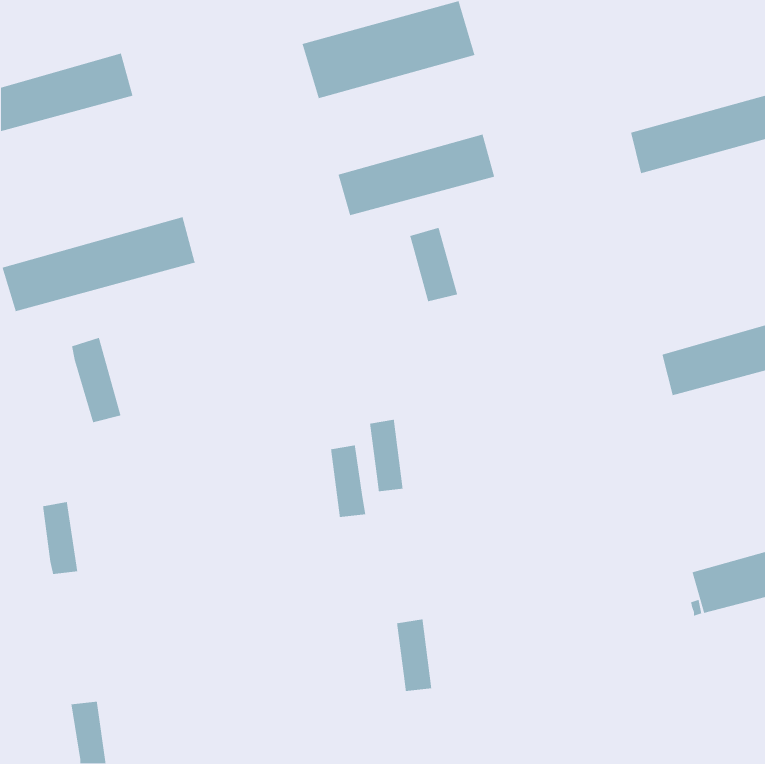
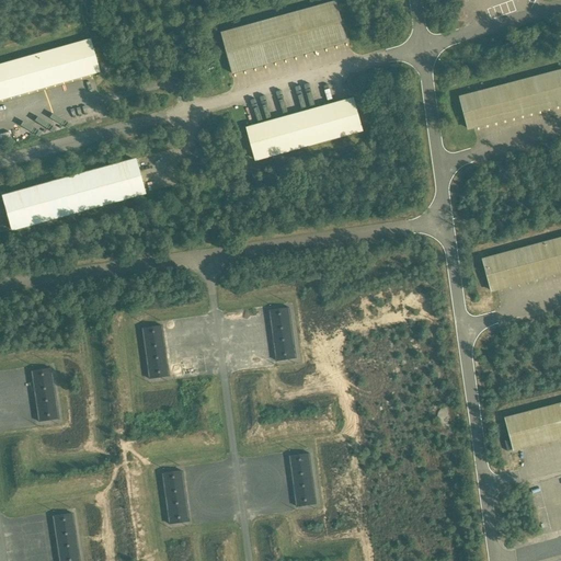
building: [409,227,458,302] -> none
building: [71,337,122,423] -> none
building: [330,444,366,518] -> [142,323,169,377]
building: none -> [162,469,188,523]

